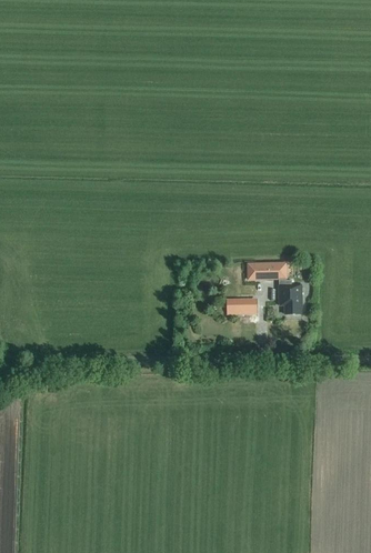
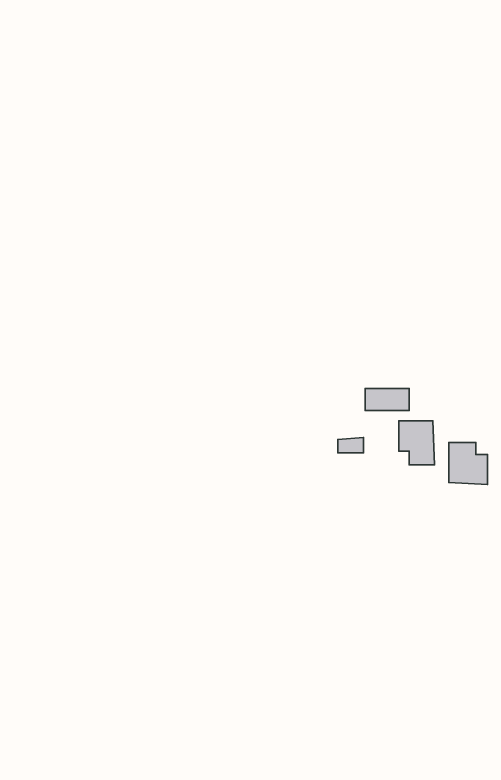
building: none -> [449,443,488,484]

